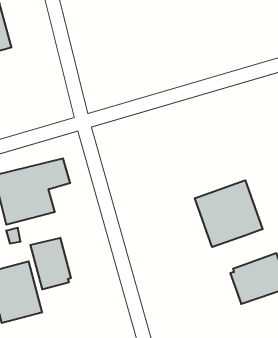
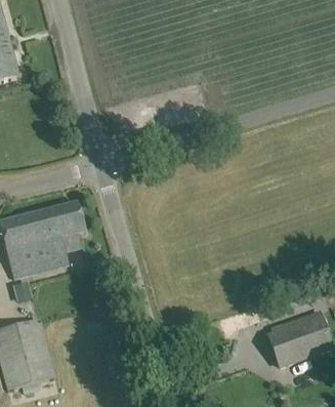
building: [195,180,263,247] -> none
building: [30,238,71,289] -> none

